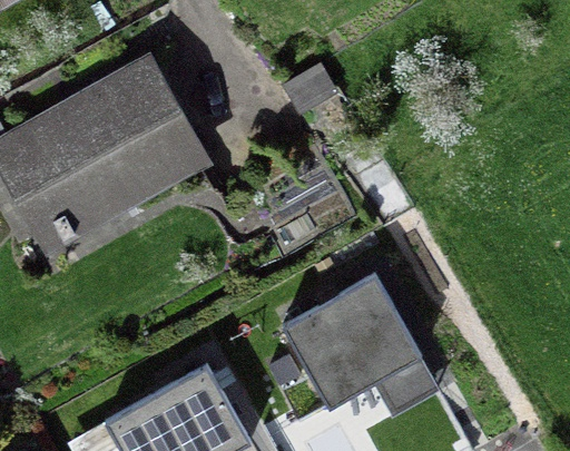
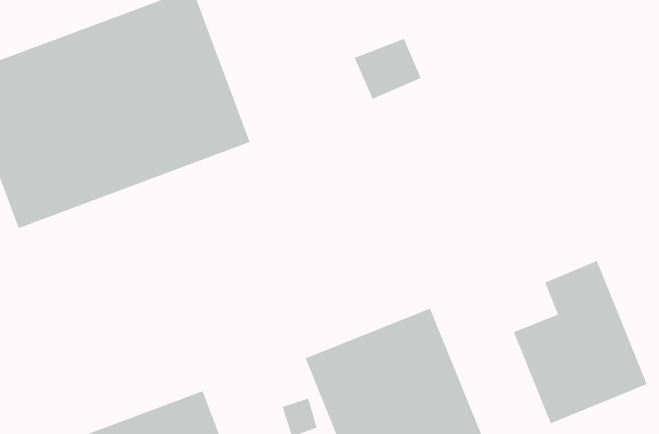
building: none -> [513,260,648,424]

